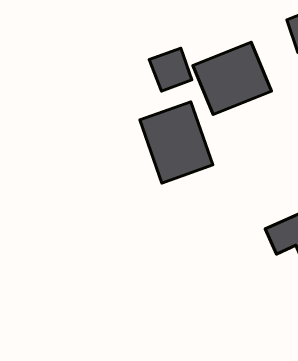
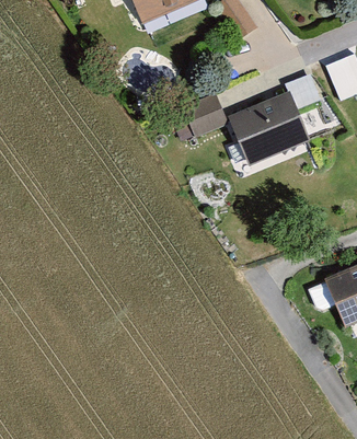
building: [140,102,213,183] -> none

